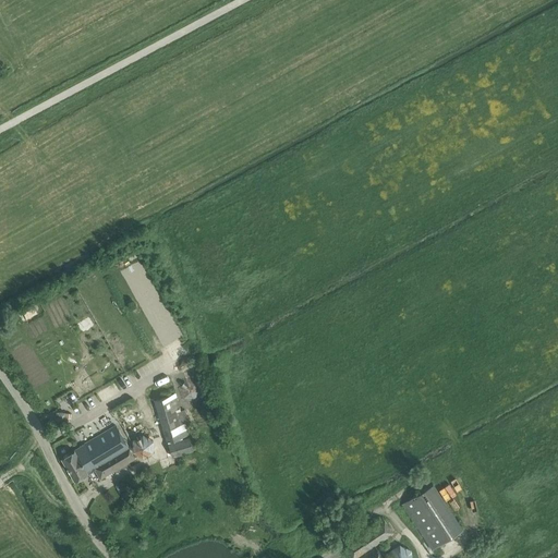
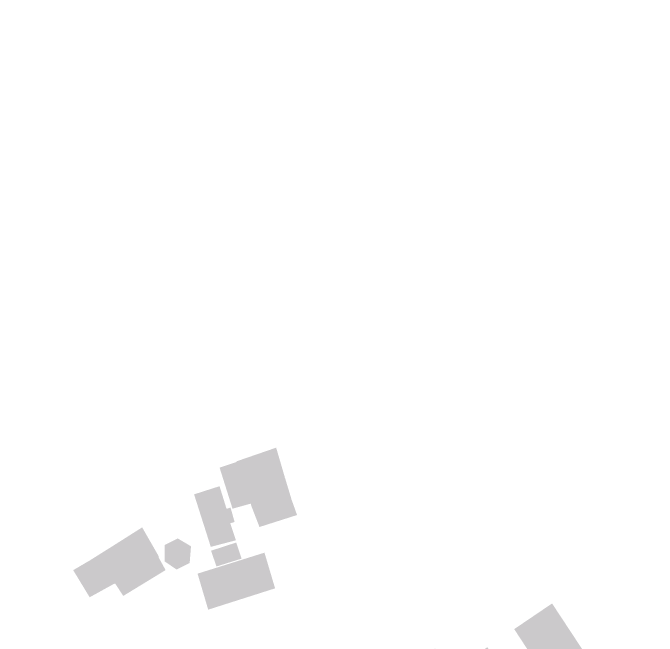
building: none -> [219,447,298,528]
building: none -> [197,552,276,610]

